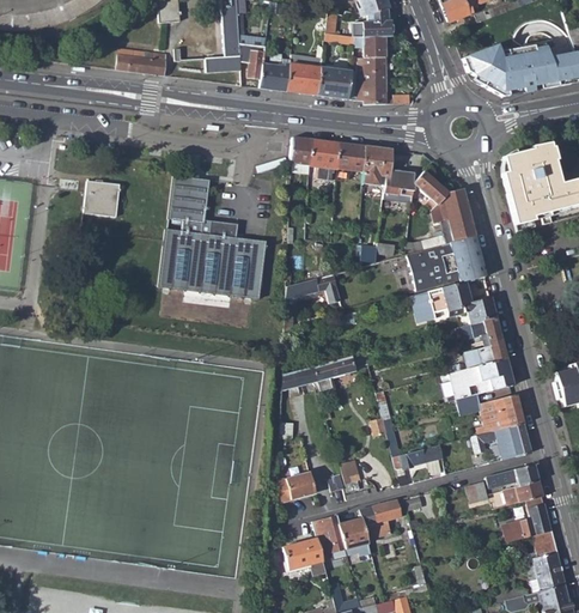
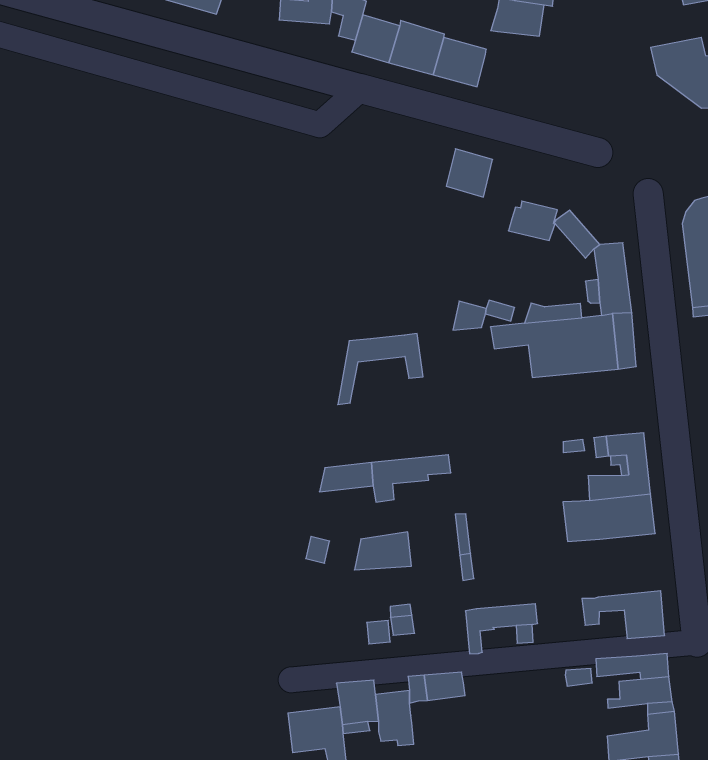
building: [356,59,386,107] -> none
building: [293,139,340,181] -> none
building: [362,147,392,186] -> none
building: [161,174,268,299] -> none
building: [86,181,123,218] -> none
building: [414,283,496,323] -> none
building: [456,393,524,435] -> none
building: [278,468,316,499] -> [354,532,411,570]

